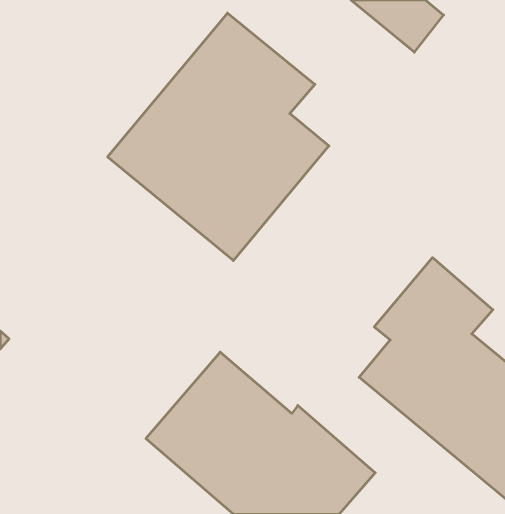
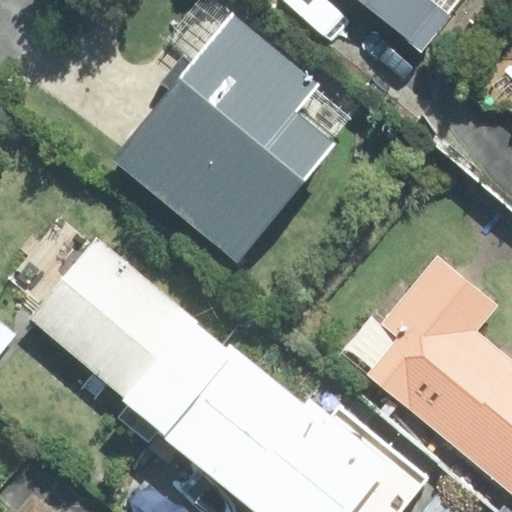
building: none -> [31,238,228,436]

